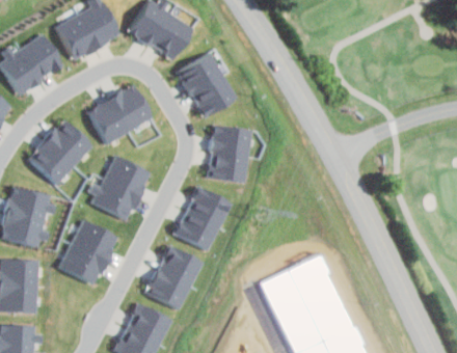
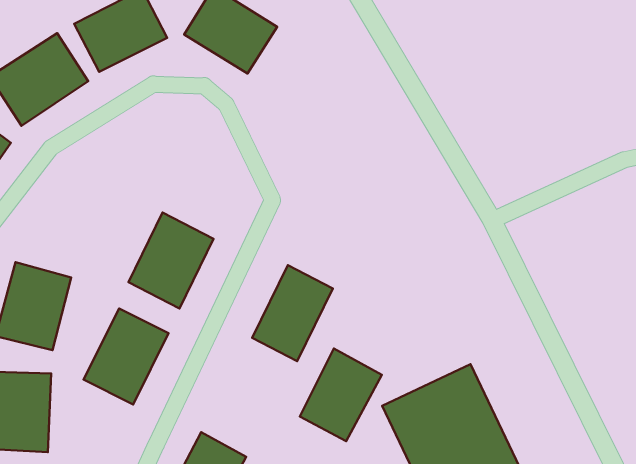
building: [178,55,235,117] -> none
building: [88,85,152,142] -> none
building: [30,123,89,183] -> none
building: [208,128,249,183] -> none
building: [146,247,201,309] -> [300,348,382,441]

